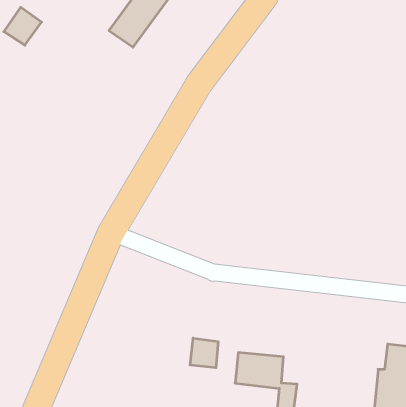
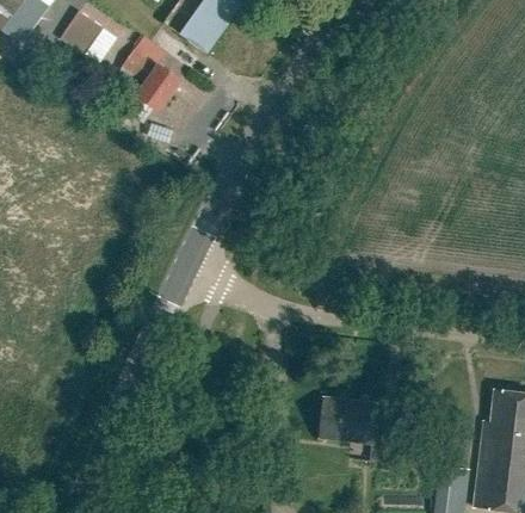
building: none -> [122,50,181,110]
building: [190,338,218,368] -> none

